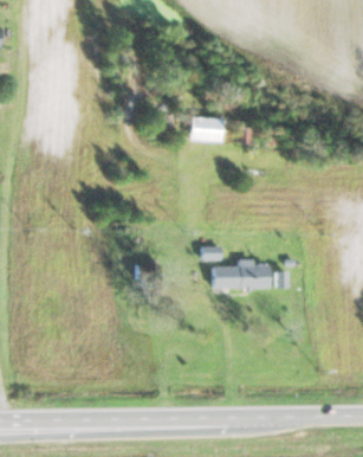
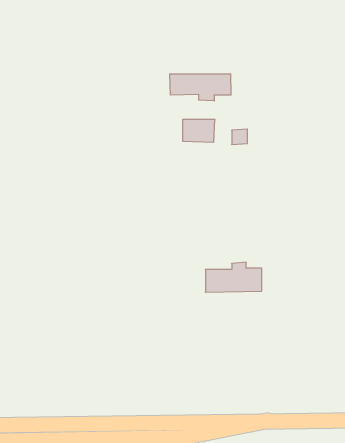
building: none -> [170,74,231,101]

